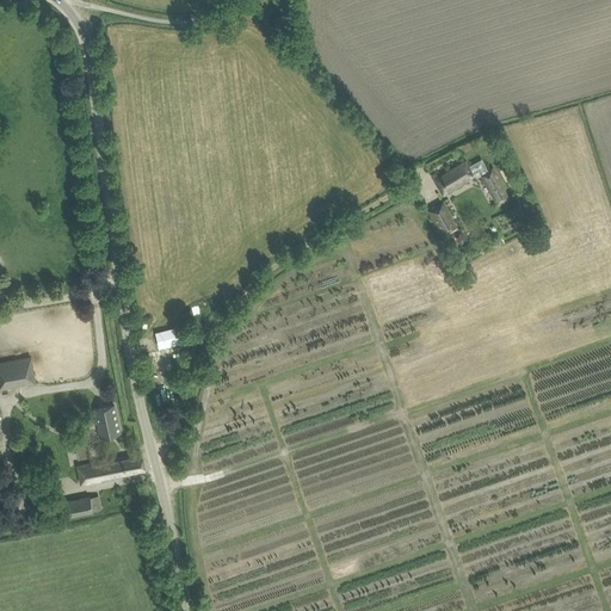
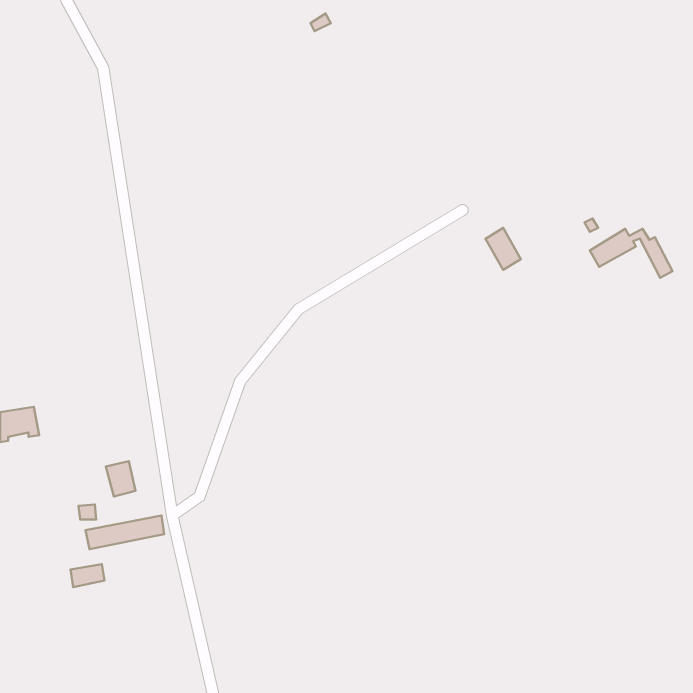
building: [434,161,507,204] -> [590,229,672,278]

